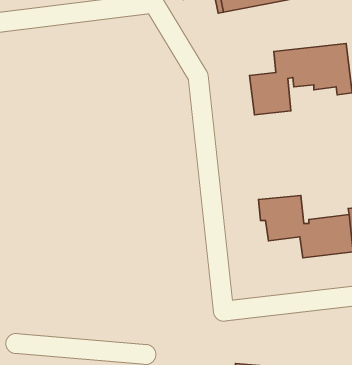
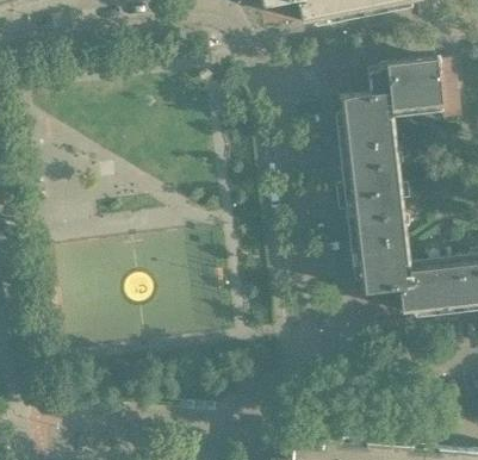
building: none -> [341,139,408,244]

